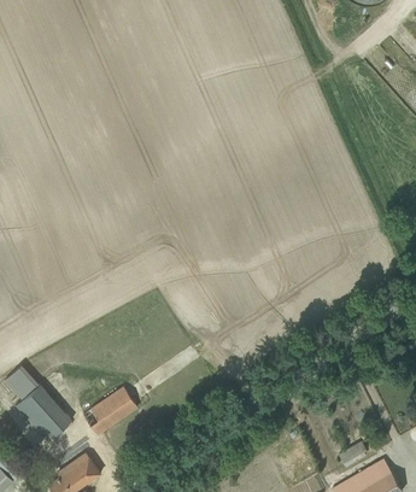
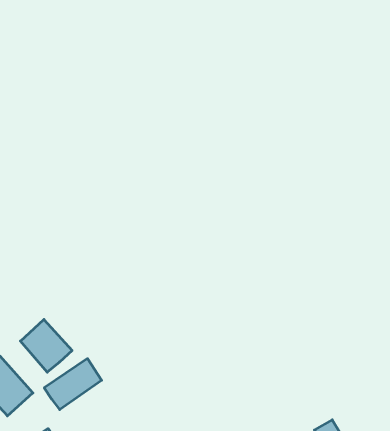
building: none -> [20,319,72,372]

